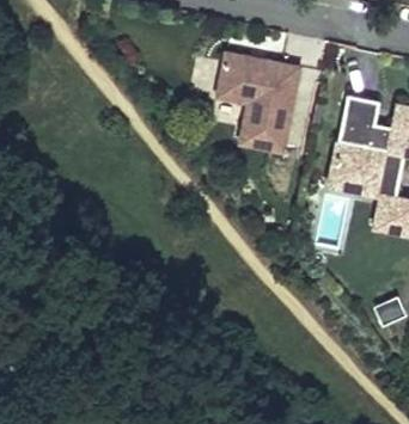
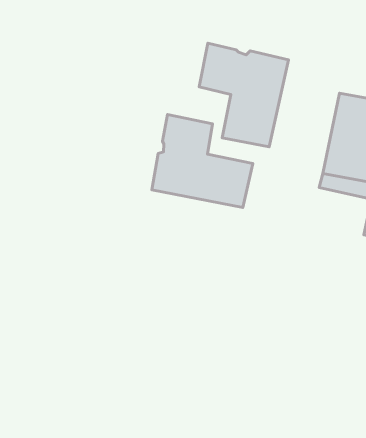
building: none -> [152,115,253,207]

